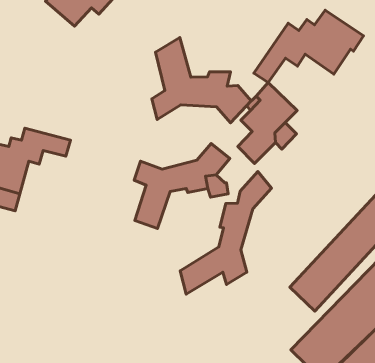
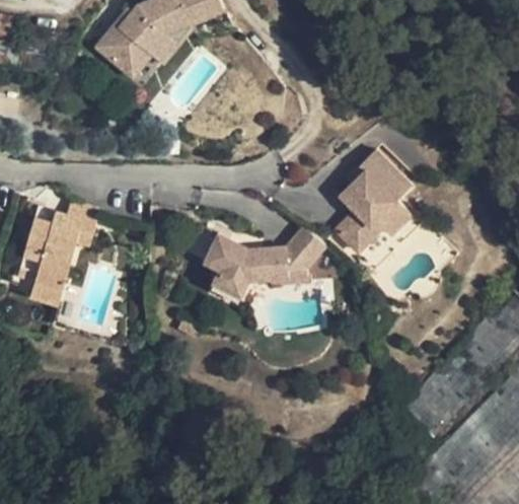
building: [254,10,363,82] -> none
building: [152,38,251,123] -> none
building: [180,172,271,294] -> none

